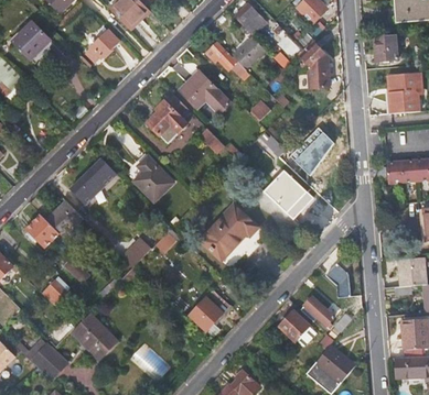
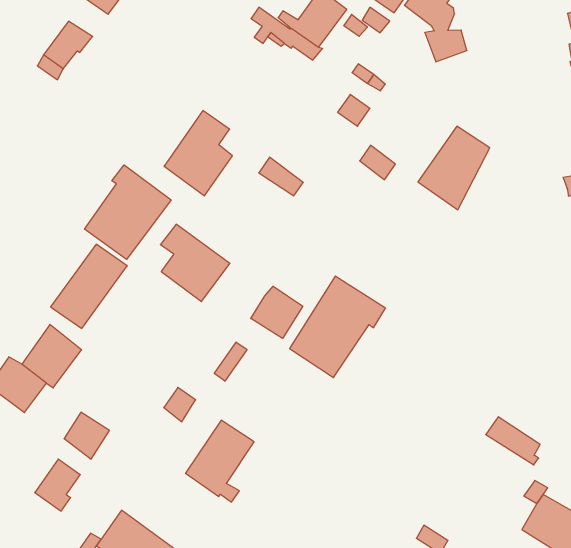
building: [179,72,230,114] -> none
building: none -> [85,165,171,259]
building: [262,172,312,219] -> none
building: none -> [251,286,303,338]
building: [324,265,348,299] -> none
building: [187,289,229,337] -> [186,420,254,502]
building: [277,310,311,344] -> none

